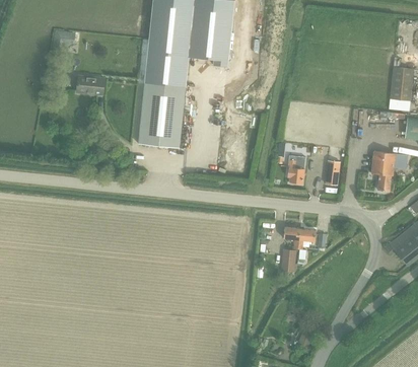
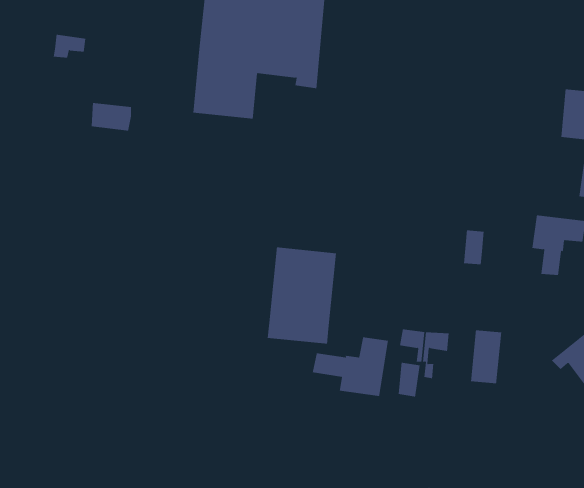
building: [138,82,185,147] -> [267,247,337,344]
building: [287,155,304,183] -> none
building: none -> [470,330,502,384]
building: none -> [312,337,388,397]

